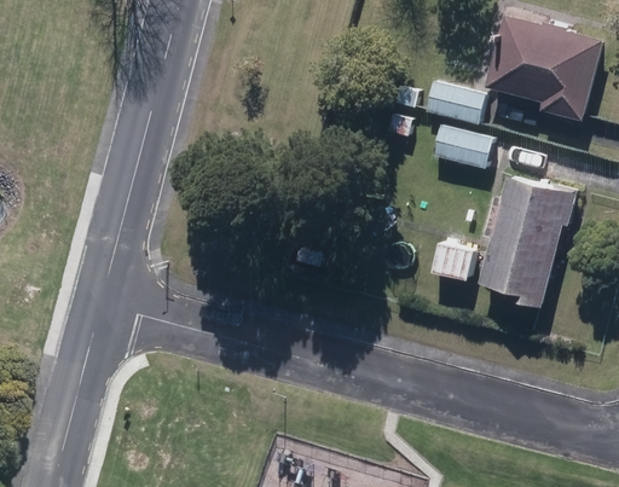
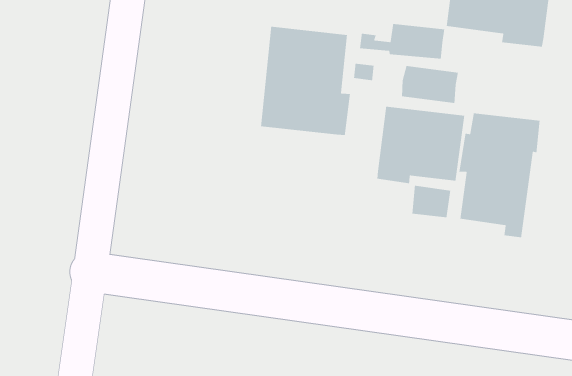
building: none -> [260,26,351,136]
building: none -> [376,106,465,184]

